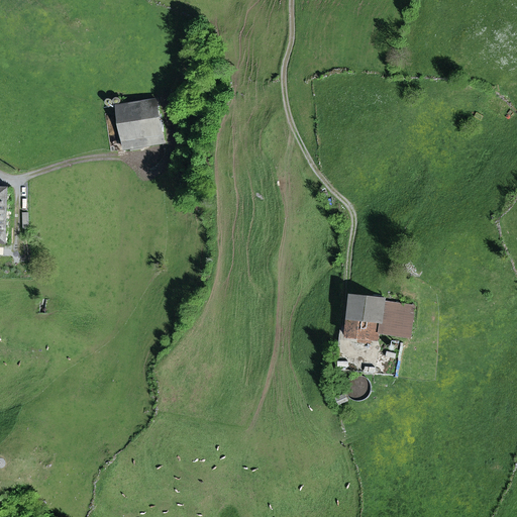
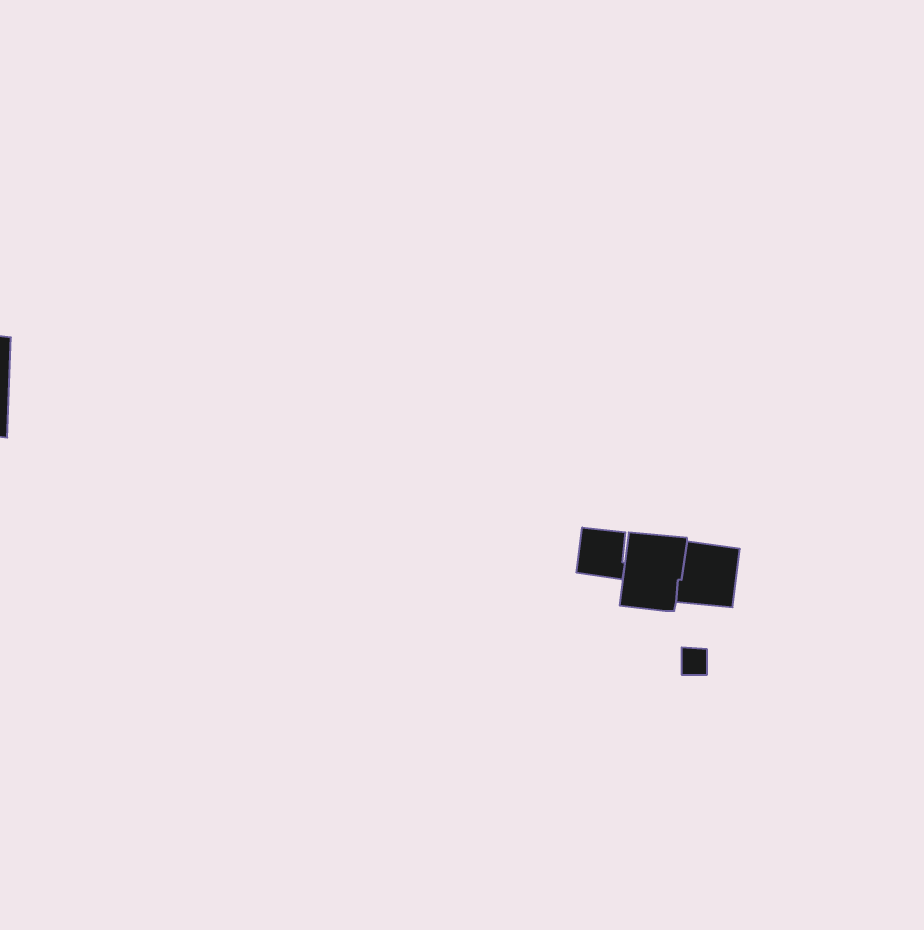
building: [115,99,160,148] -> none
building: none -> [577,527,625,580]

